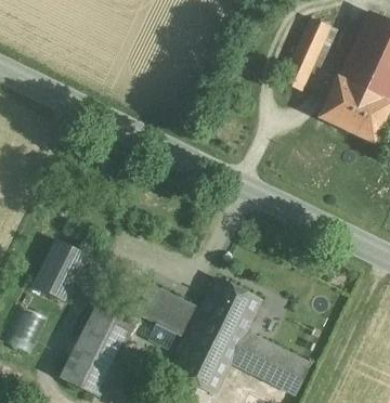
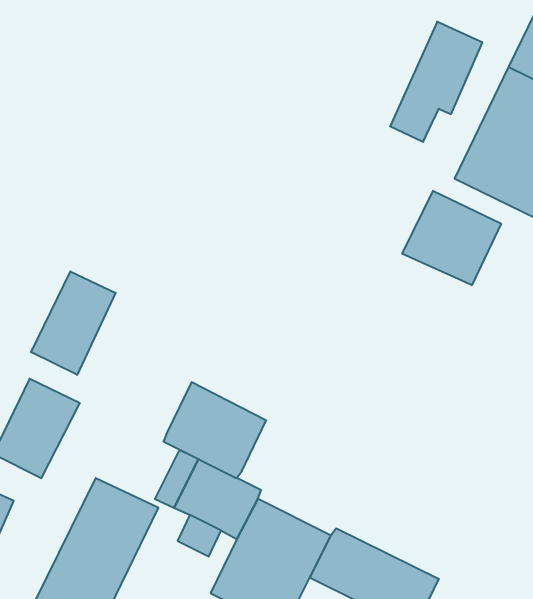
building: none -> [402,191,501,285]
building: none -> [31,271,116,375]
building: [198,276,262,336] -> [163,382,266,478]

